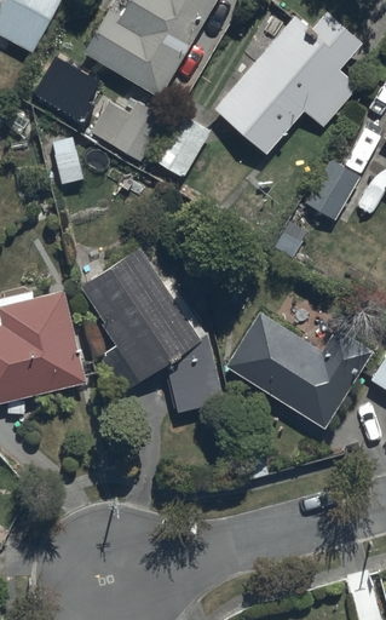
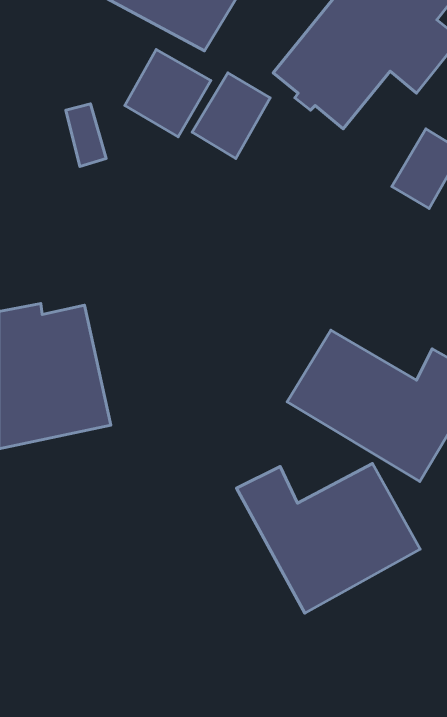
building: [80,249,224,413] -> none
building: none -> [236,463,420,613]

